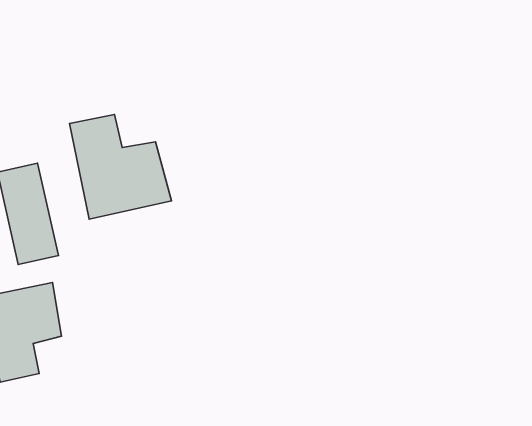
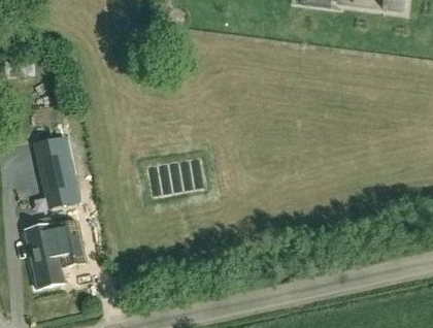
building: [69,114,171,219] -> none

